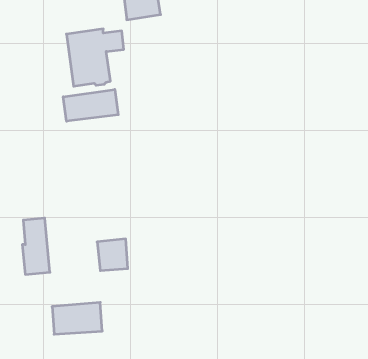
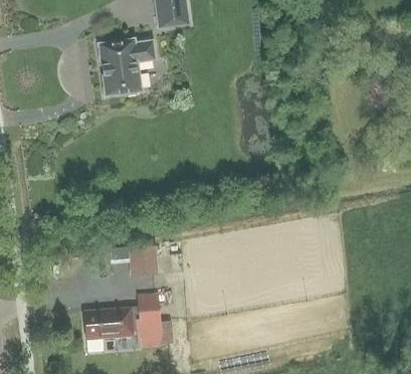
building: [63,89,118,121] -> none
building: [22,218,50,274] -> [136,292,163,347]

